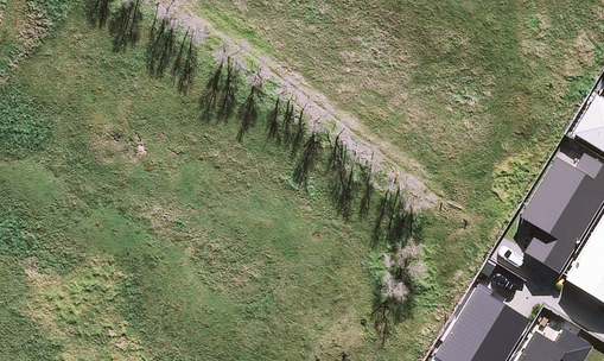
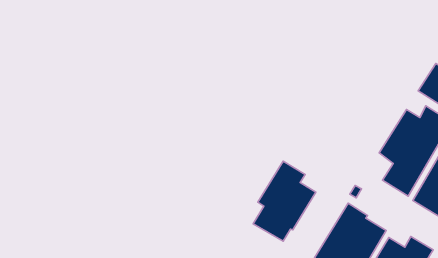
building: none -> [253,161,316,241]

